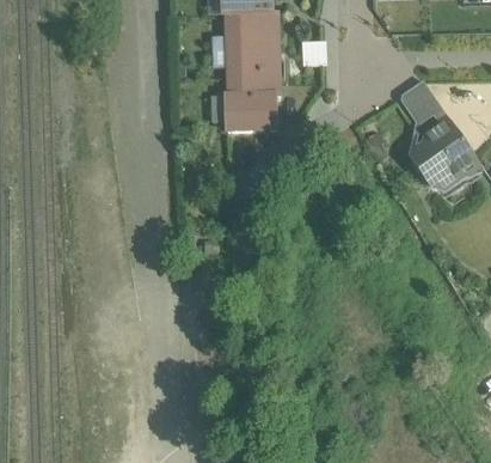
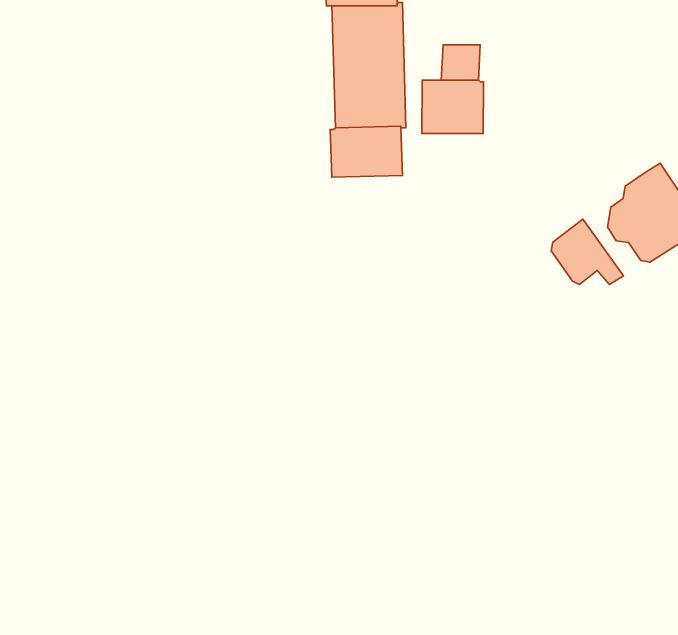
building: none -> [422,80,484,134]
building: [401,81,450,126] -> [551,219,624,285]

